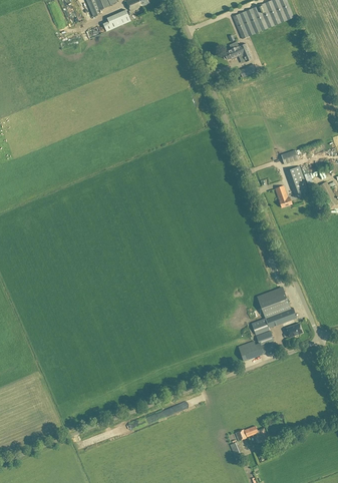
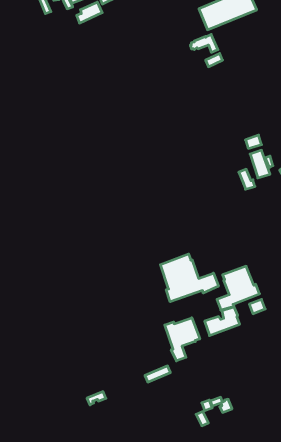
building: none -> [160,254,218,302]
building: none -> [165,318,200,361]

